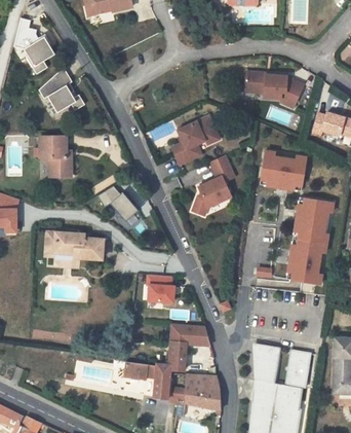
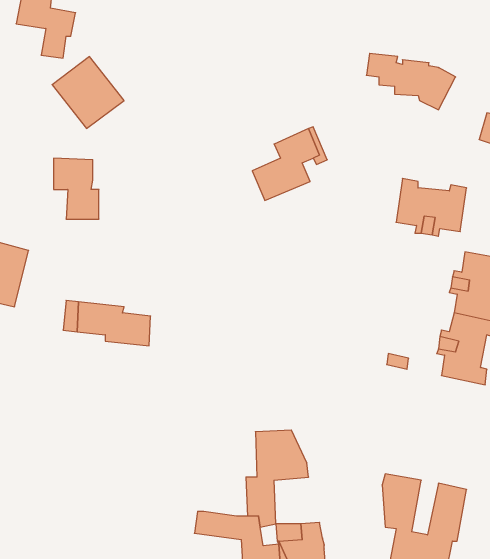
building: [190,158,233,220] -> none
building: [99,182,135,219] -> none
building: [145,274,173,300] -> none

